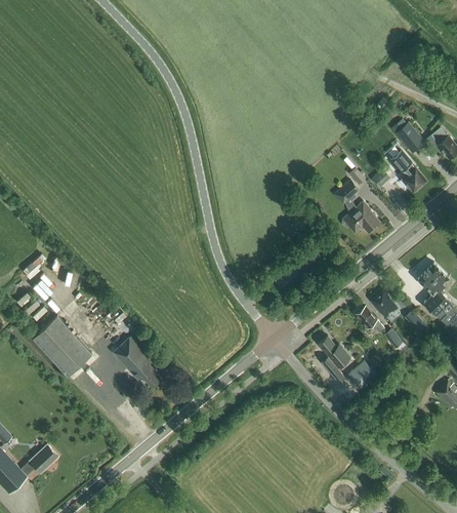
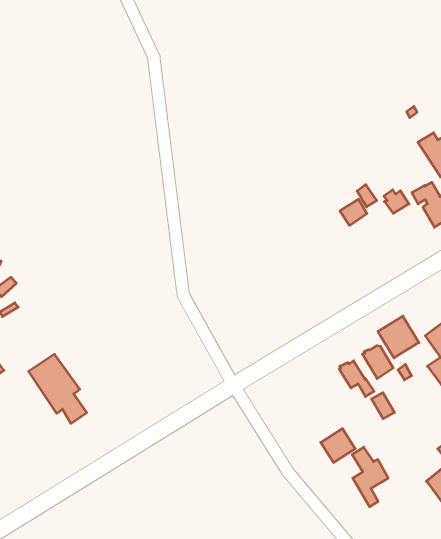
building: [341,200,379,234] -> none
building: none -> [378,316,419,358]
building: [319,337,349,383] -> [352,447,388,507]

